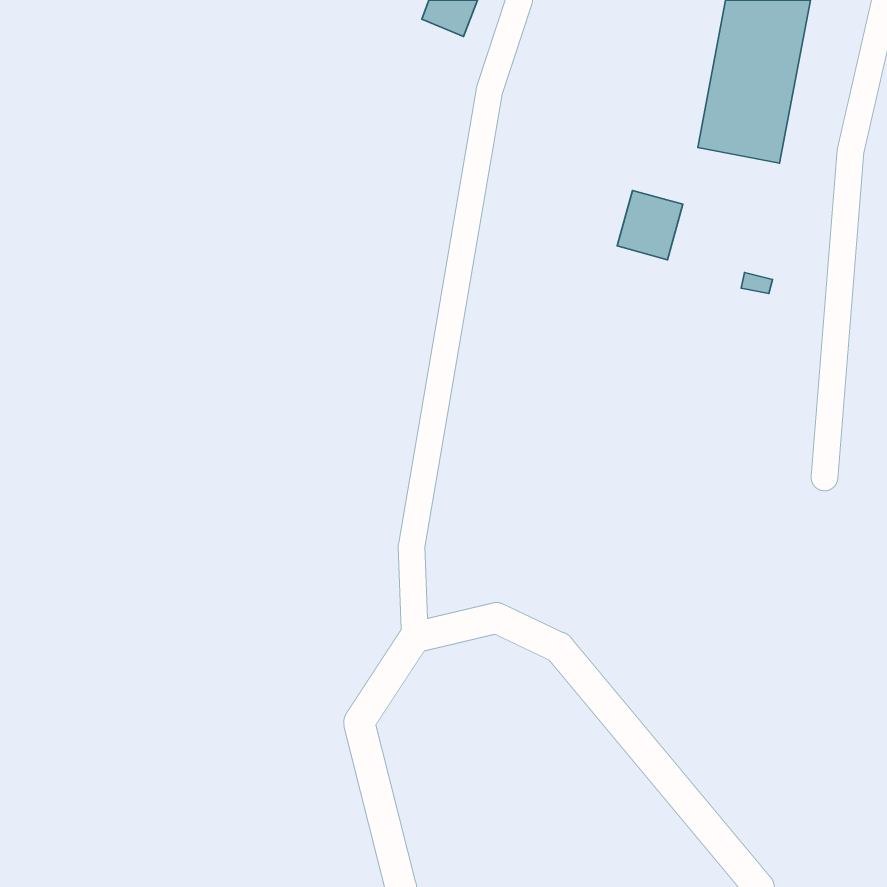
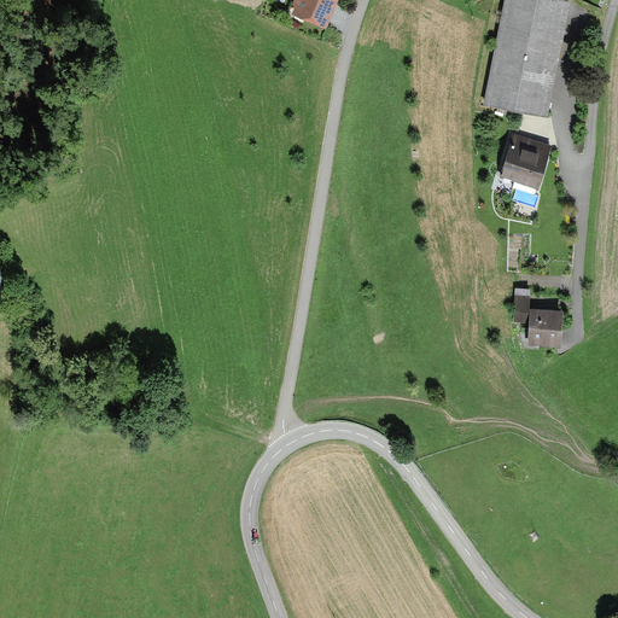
building: [617,190,683,260] -> [501,138,547,186]
building: none -> [517,284,559,344]

